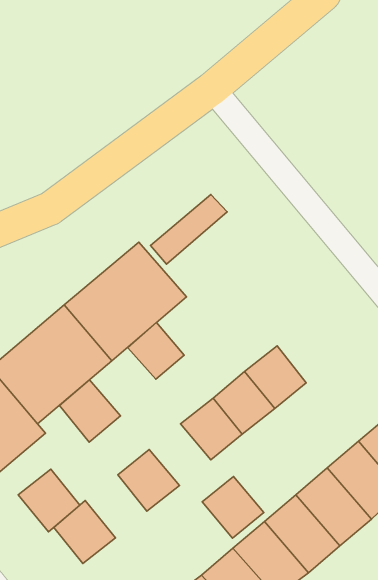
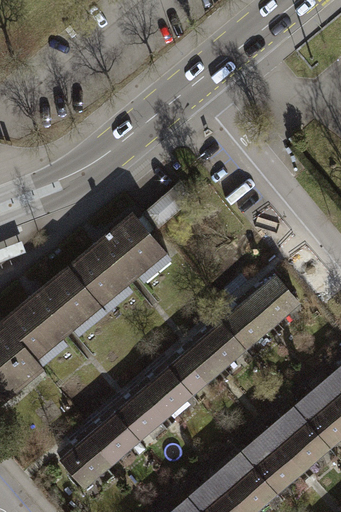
building: none -> [249,278,301,332]
building: [128,323,184,379] -> none
building: [59,380,121,442] -> none
building: [18,469,80,532] -> [84,411,137,465]
building: [202,476,264,538] -> [139,367,192,420]

